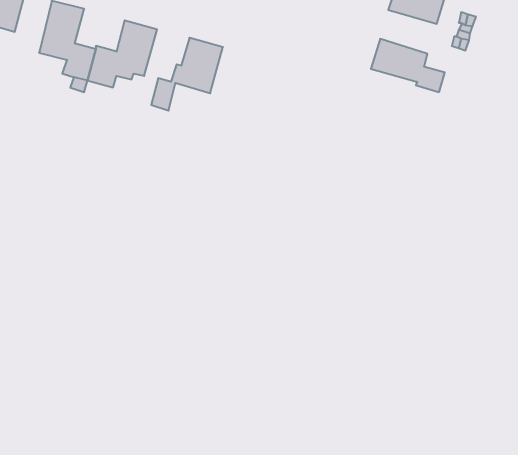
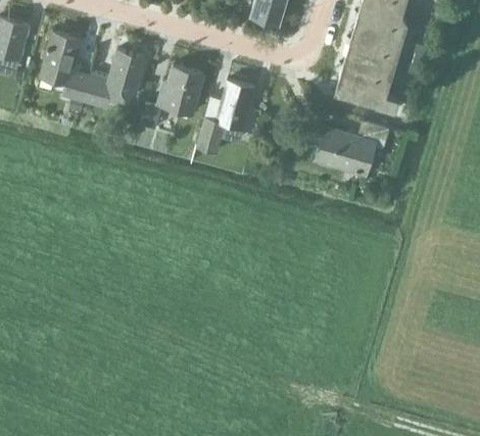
building: none -> [343,41,393,80]
building: none -> [197,80,256,152]
building: none -> [316,122,390,176]

